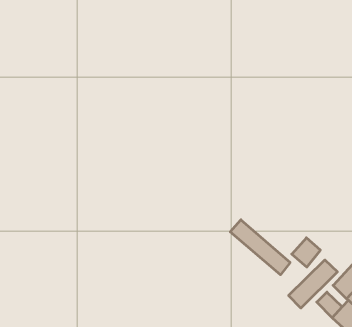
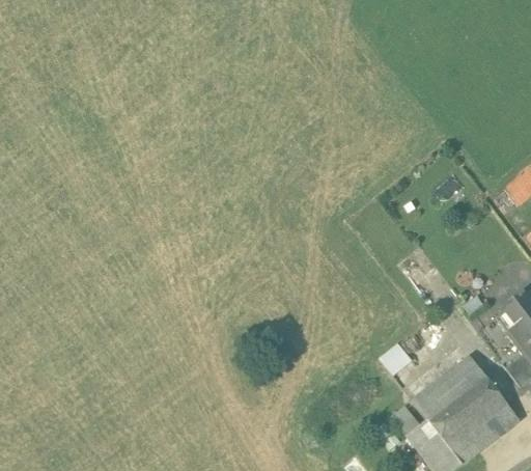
building: [230,220,290,275] -> none
building: [289,260,337,308] -> none

